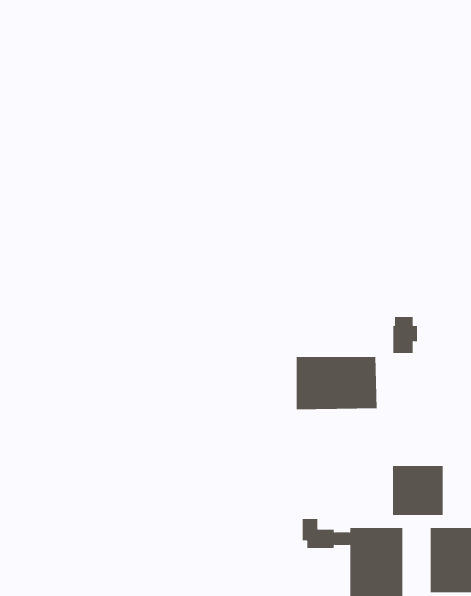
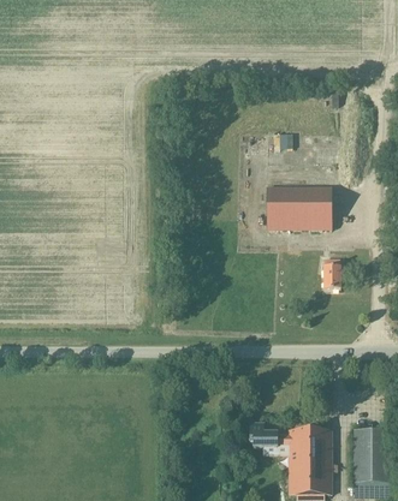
building: [296,356,378,410] -> [266,186,332,229]
building: [392,465,443,516] -> none

